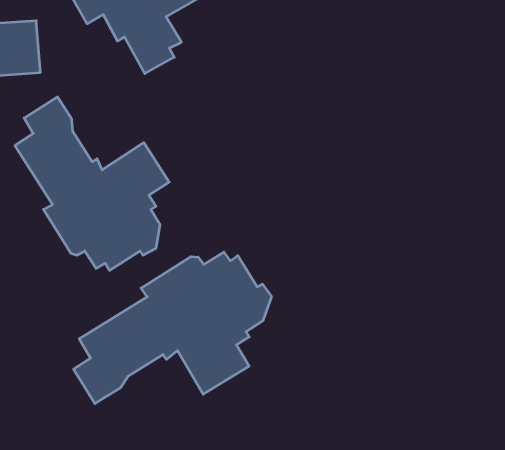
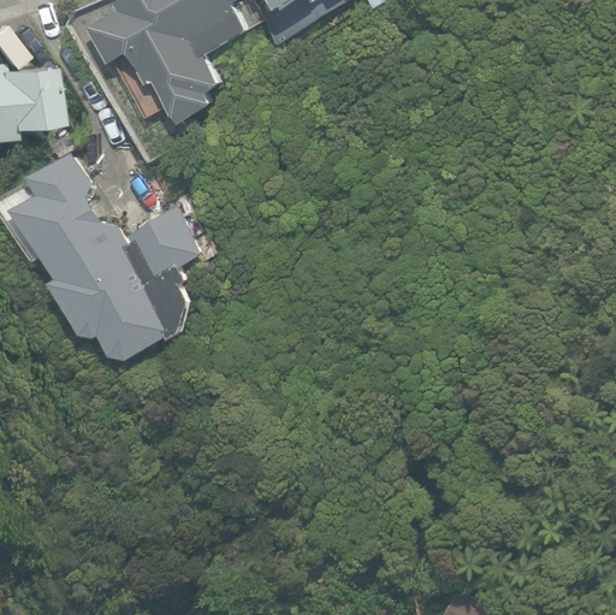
building: [74,252,271,404] -> none

